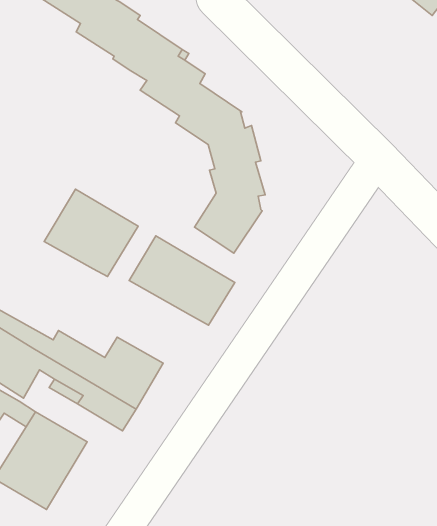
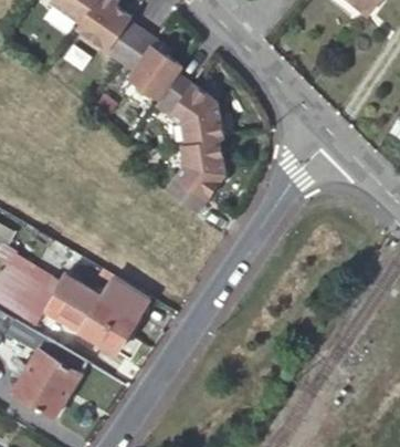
building: [44,189,138,277] -> none
building: [129,236,235,325] -> none

